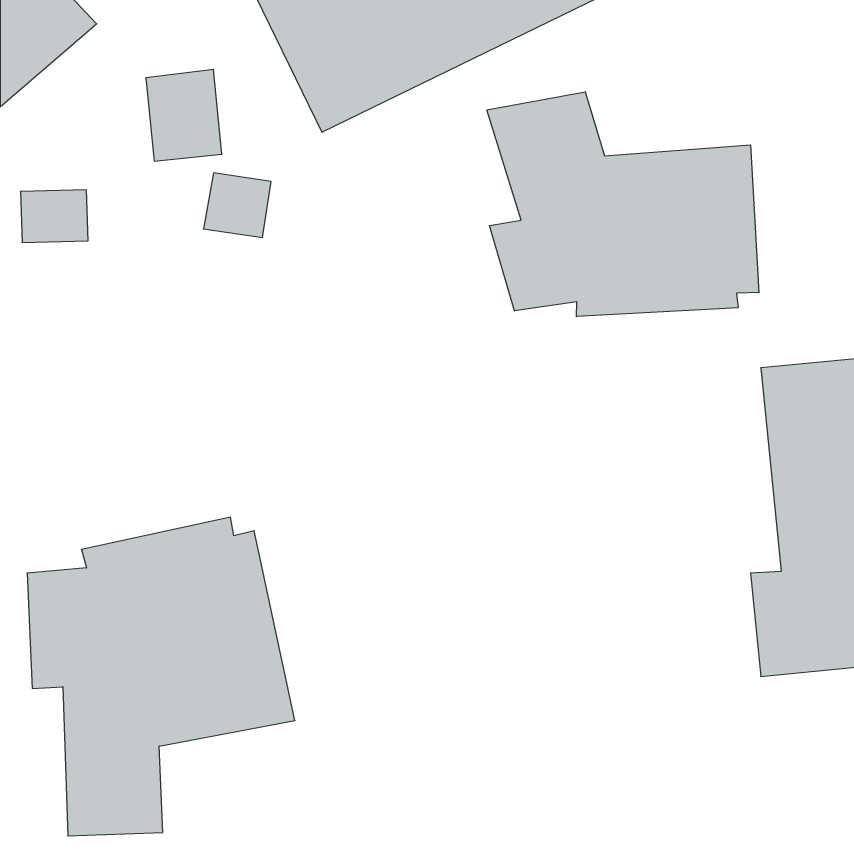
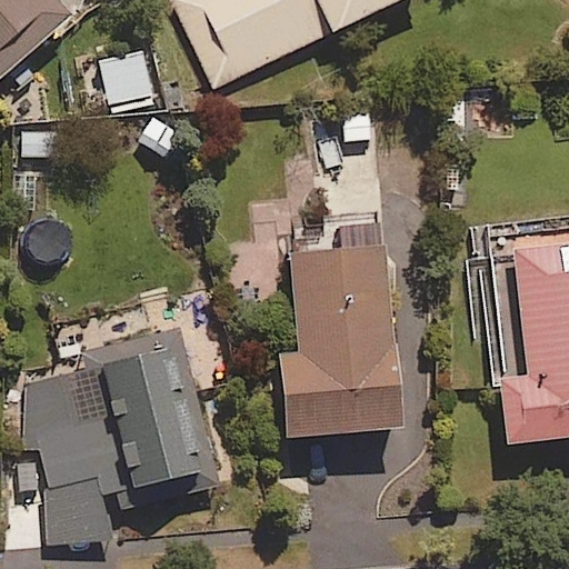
building: [487,92,759,317] -> none
building: none -> [253,200,396,436]

